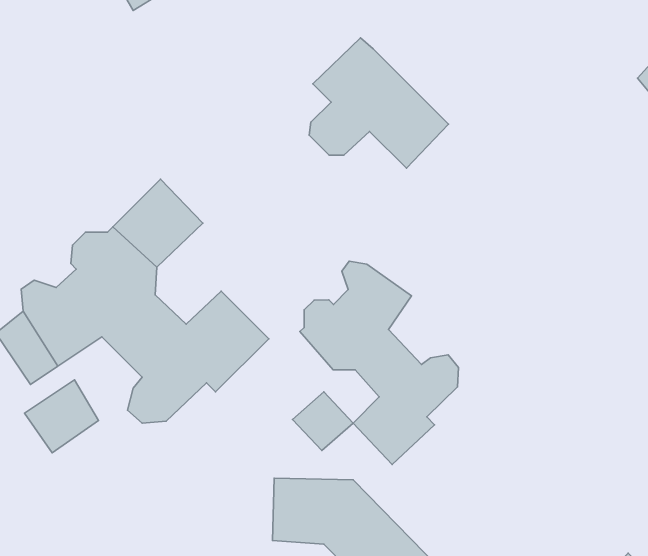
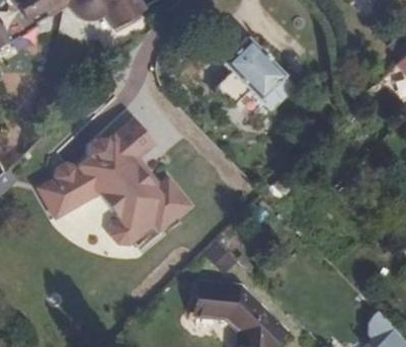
building: [300,261,459,465] -> none
building: [24,380,99,453] -> none

